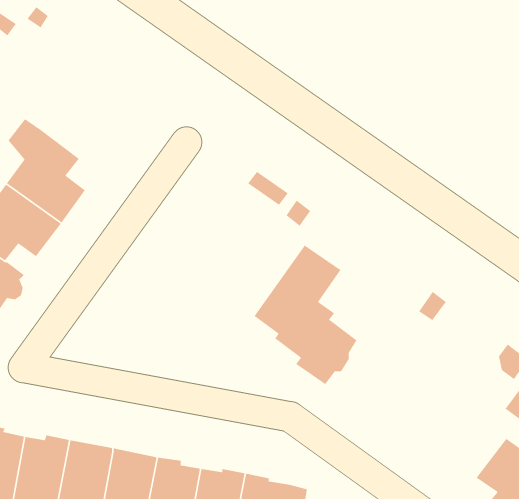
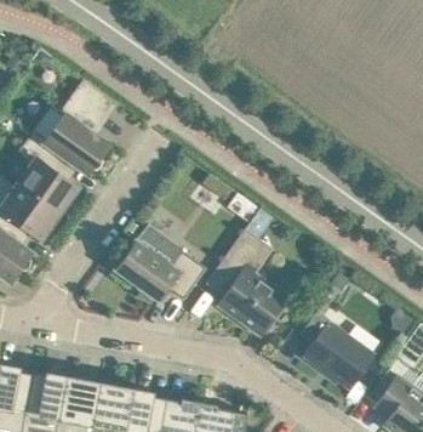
building: none -> [44,79,118,175]
building: none -> [114,223,205,301]
building: none -> [299,311,375,390]

